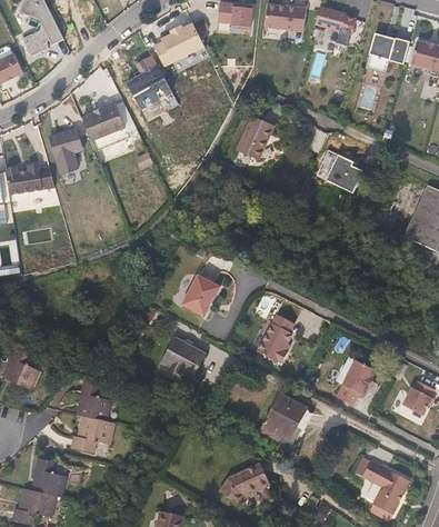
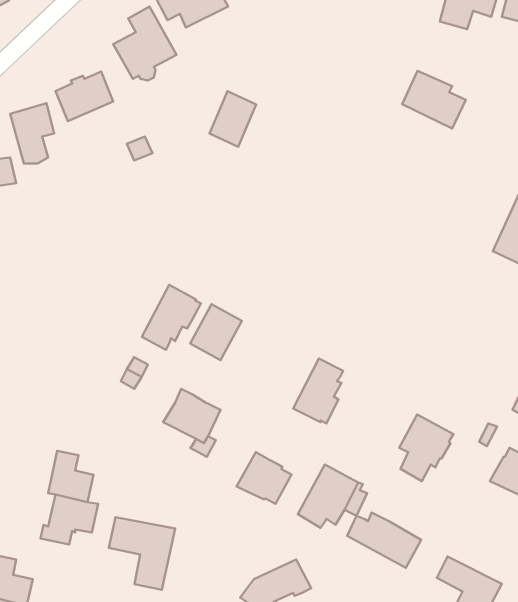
building: [239,116,273,157] -> [209,91,256,147]
building: [316,150,362,192] -> [402,71,466,128]
building: none -> [142,285,201,350]
building: none -> [236,452,291,504]
building: none -> [347,513,421,568]
building: none -> [109,517,175,590]

